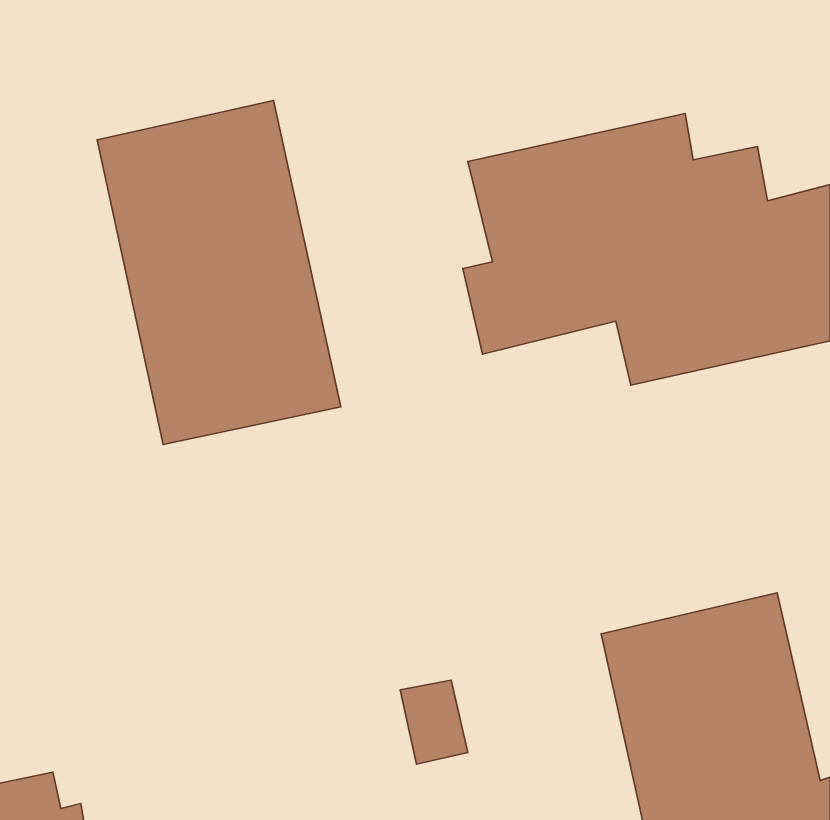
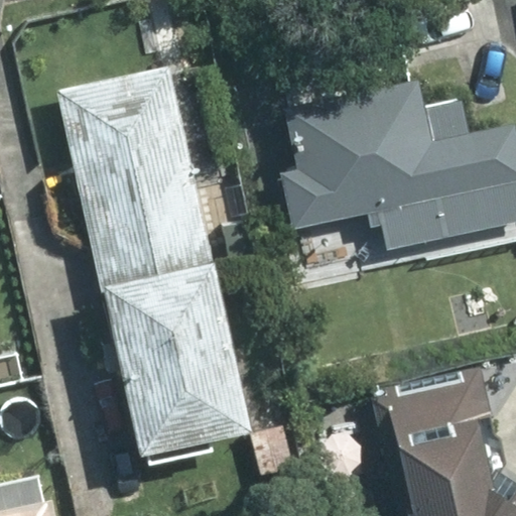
building: none -> [100,259,255,448]

